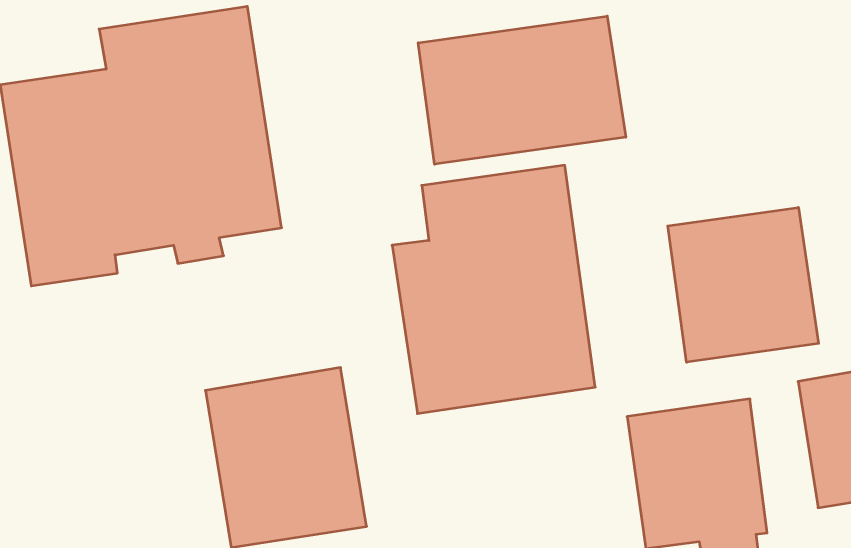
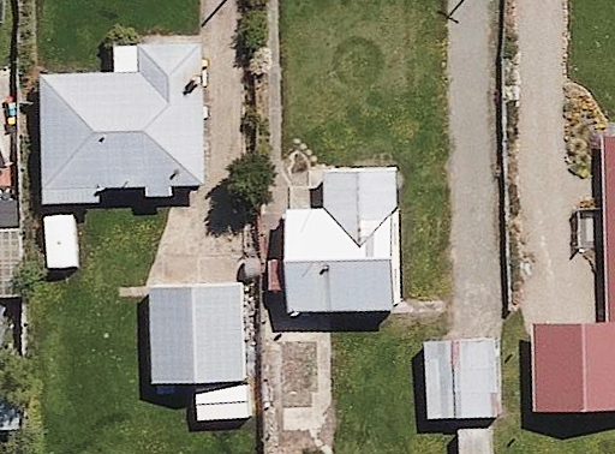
building: [418,16,626,164] -> none
building: [668,207,819,362] -> none

